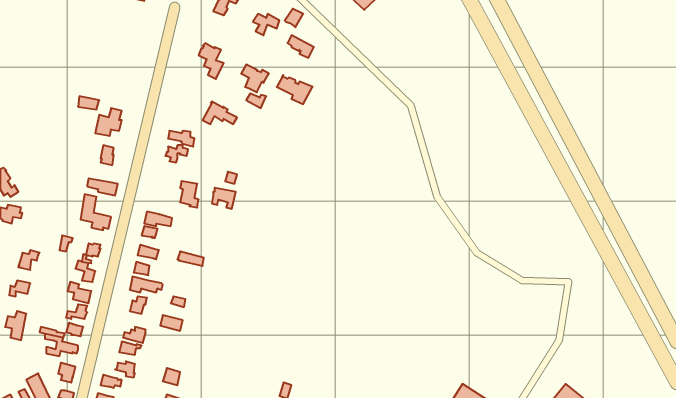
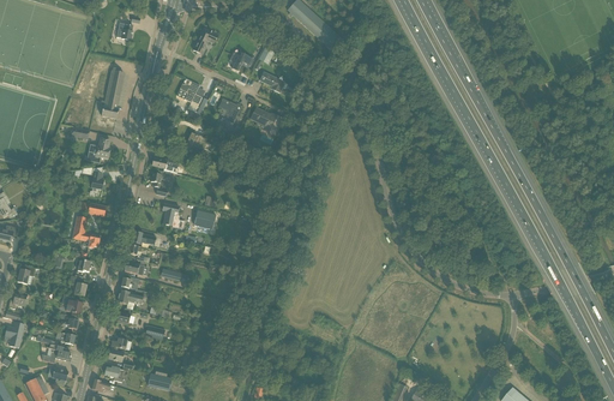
building: none -> [101,70,124,118]

